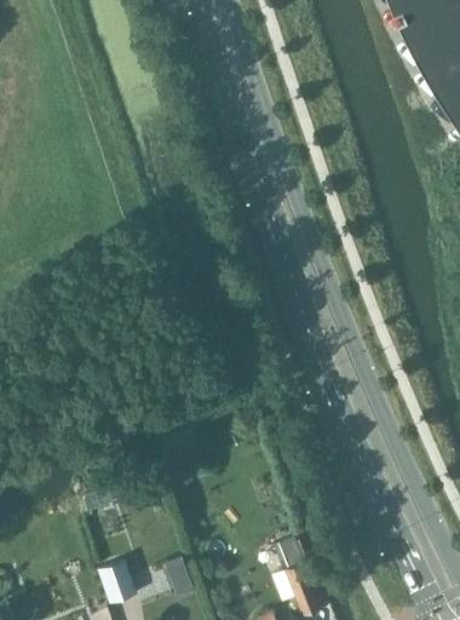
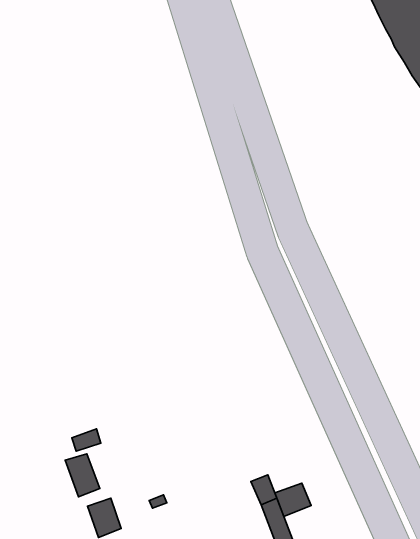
building: none -> [65,454,100,497]
building: none -> [275,483,311,516]

